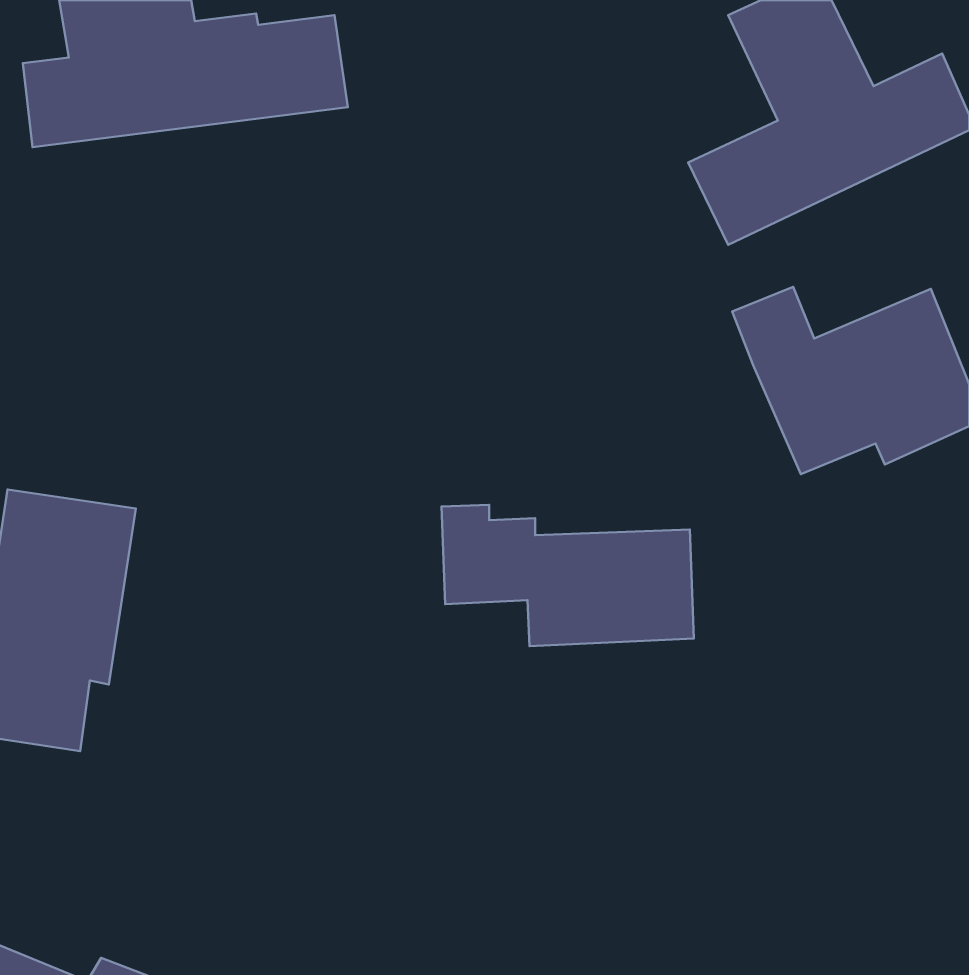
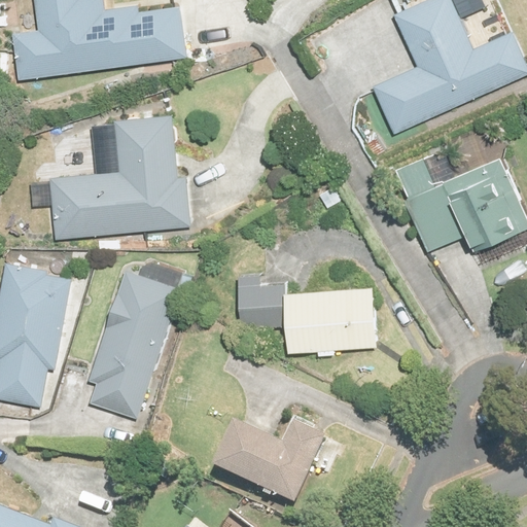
building: none -> [51,117,184,236]
building: none -> [87,259,185,417]
building: none -> [214,420,342,505]

